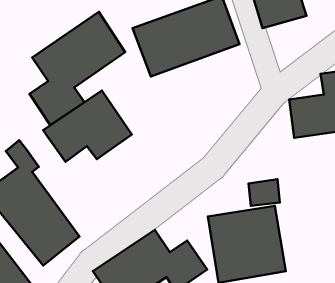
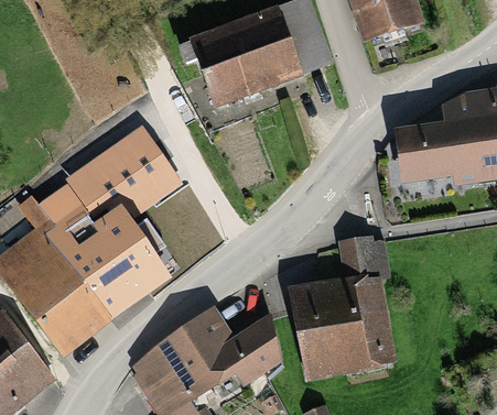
building: [29,12,125,125] -> none
building: none -> [45,182,181,316]

